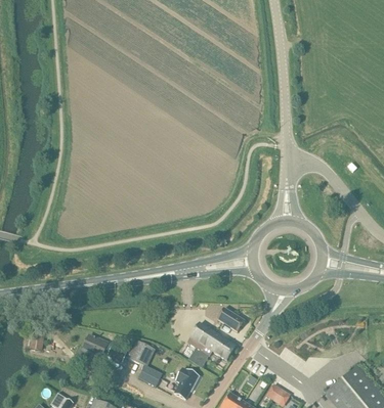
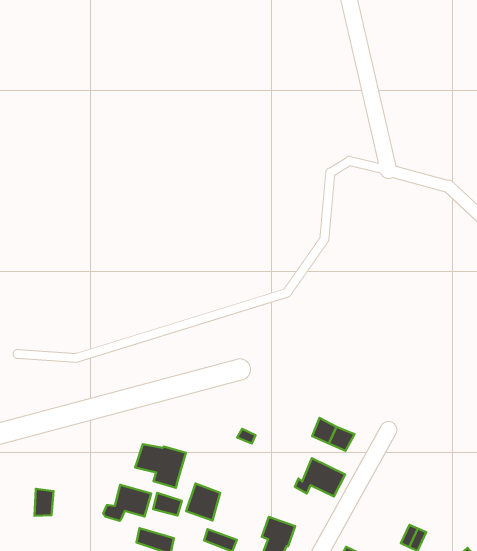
building: none -> [135,444,186,488]
building: [187,322,215,350] -> none

